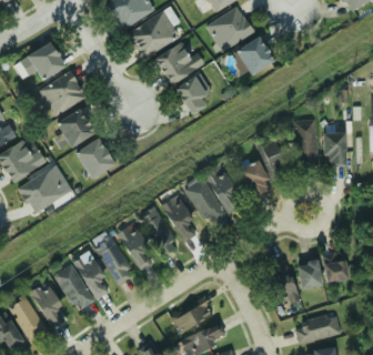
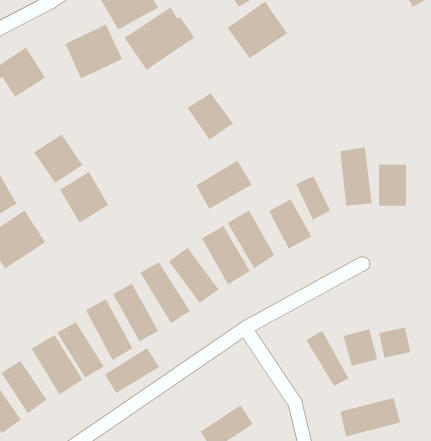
building: [236,37,274,74] -> none
building: [155,42,204,84] -> none
building: [40,72,85,115] -> [65,24,123,79]
building: none -> [195,160,253,210]
building: [171,296,214,333] -> [104,347,160,394]

